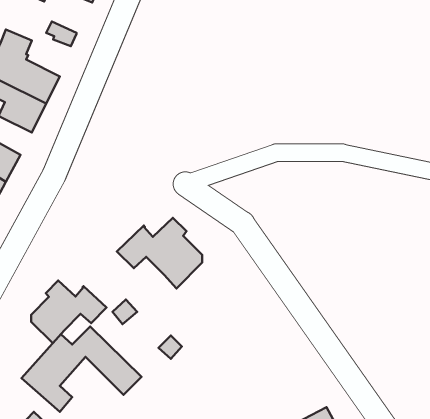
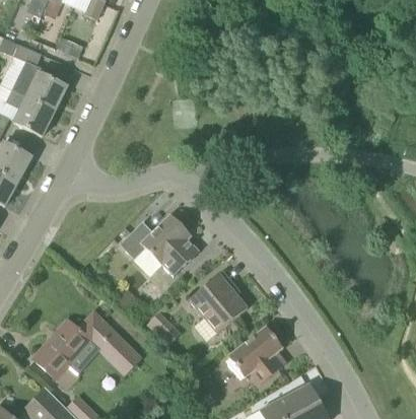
building: none -> [188,270,247,333]
building: [31,281,106,343] -> none
building: none -> [226,325,283,383]

